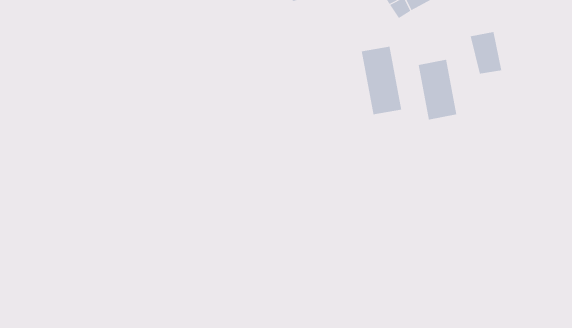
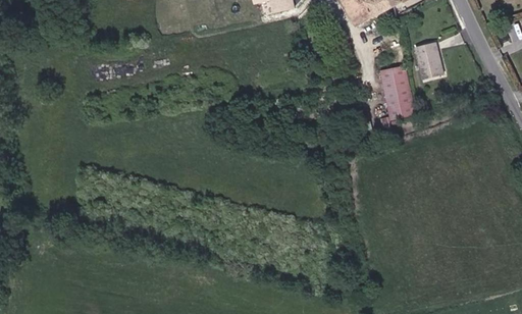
building: [361,46,402,115] -> none

